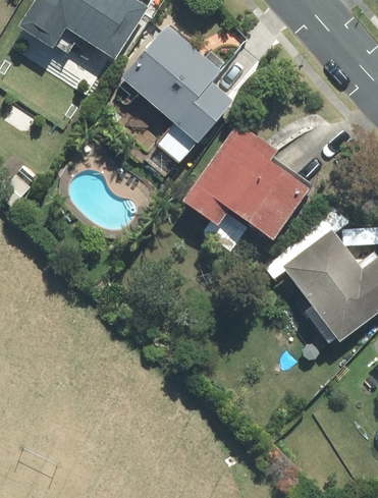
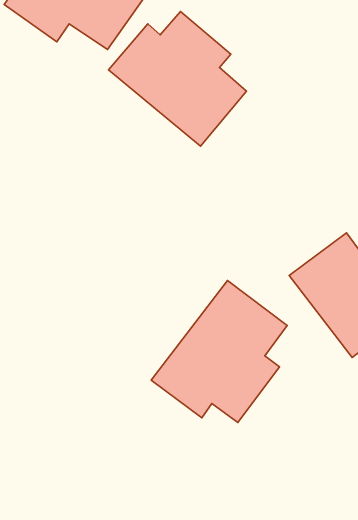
building: [180,126,312,250] -> none
building: none -> [151,280,287,423]

